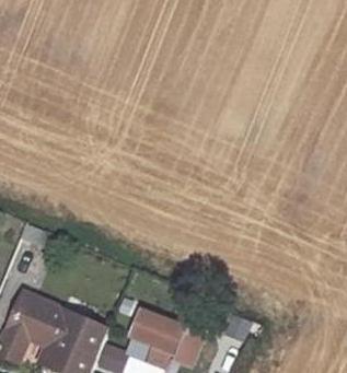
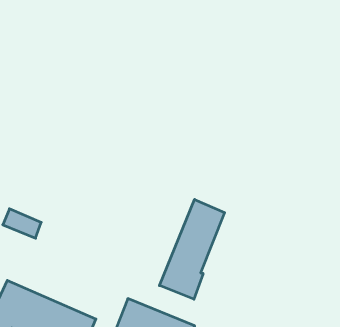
building: none -> [159,199,225,299]

